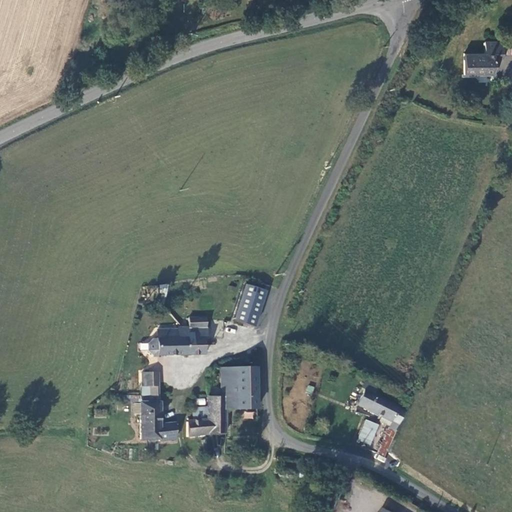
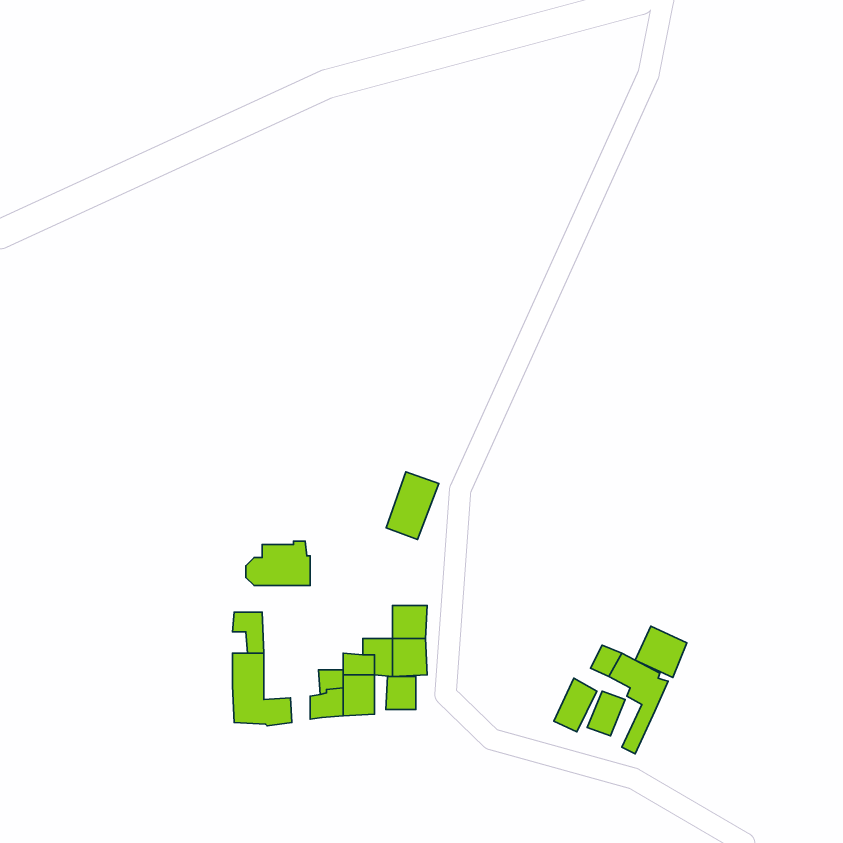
building: [465,41,504,75] -> none
building: [185,317,207,355] -> none
building: [220,367,238,387] -> [386,676,416,709]
building: none -> [635,626,687,678]
building: none -> [554,678,597,732]

